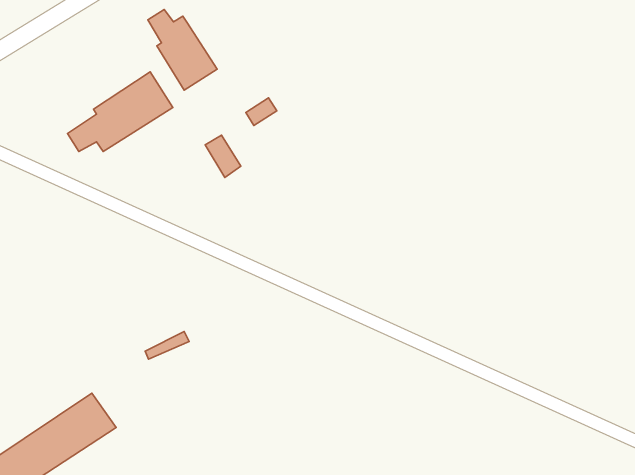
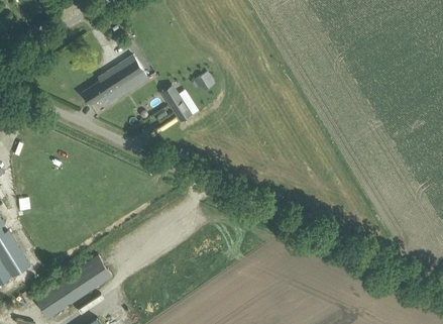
building: [148,9,217,90] -> none

